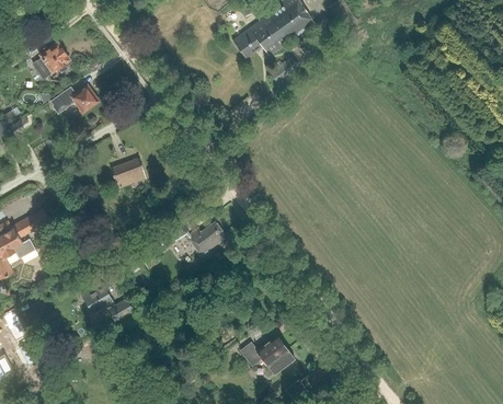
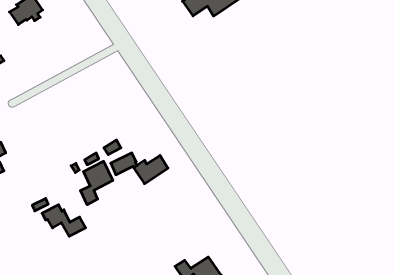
building: [57,85,98,112] -> none
building: [111,158,147,188] -> none
building: none -> [80,161,113,205]

